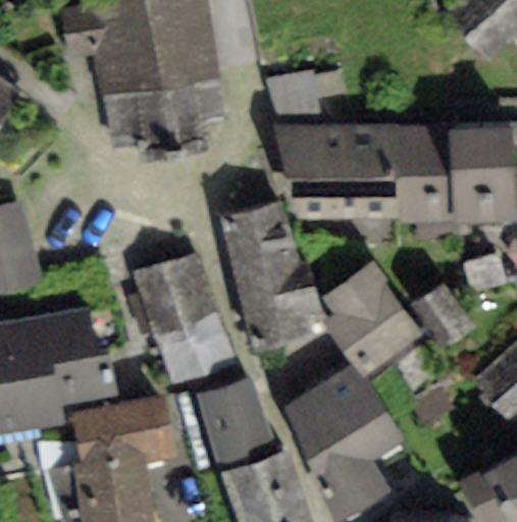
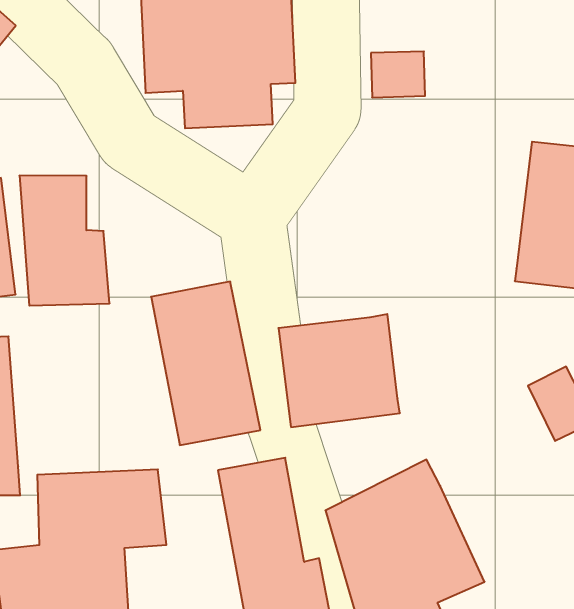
building: [273,125,397,217] -> none
building: [217,204,297,282] -> none
building: [320,262,424,379] -> none
building: [41,308,117,406] -> [19,176,110,306]

